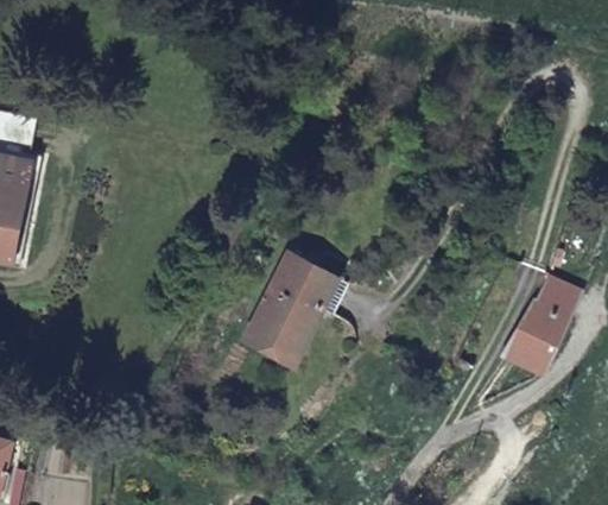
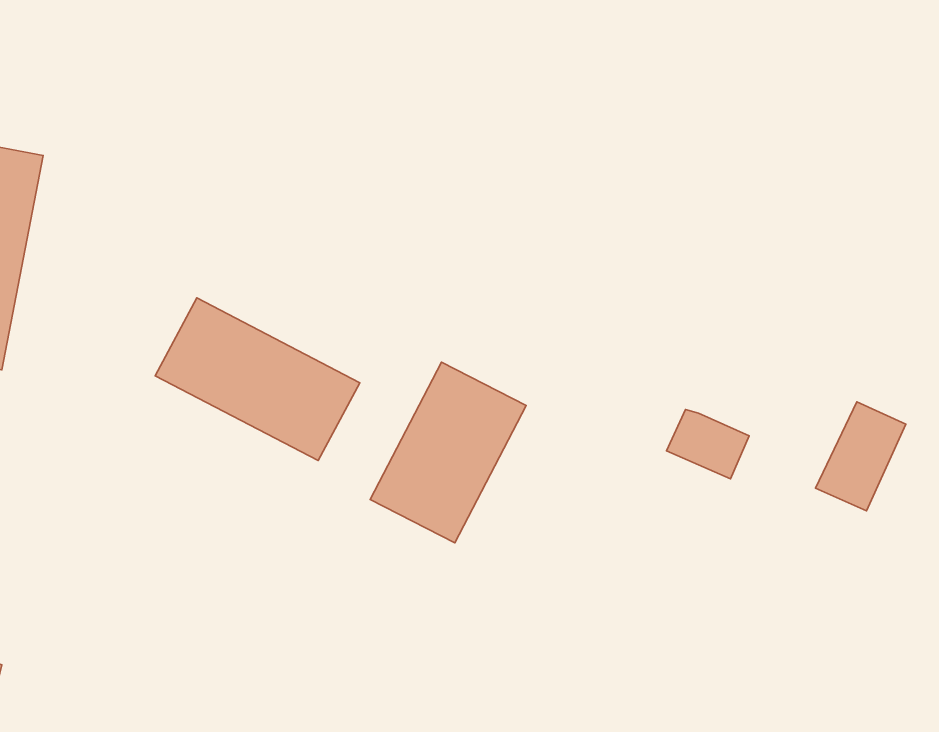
building: none -> [155,298,360,461]
building: [504,329,556,373] -> [667,409,749,479]

